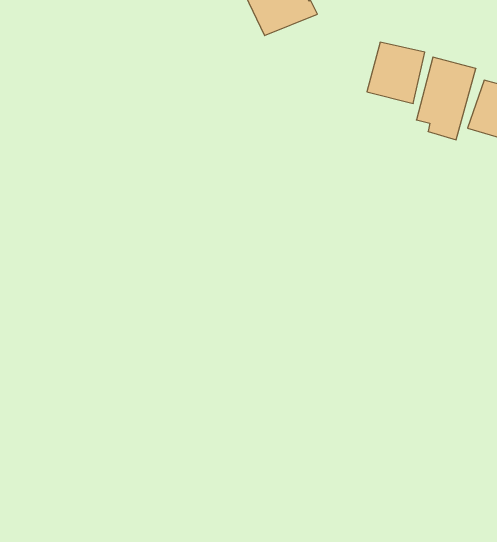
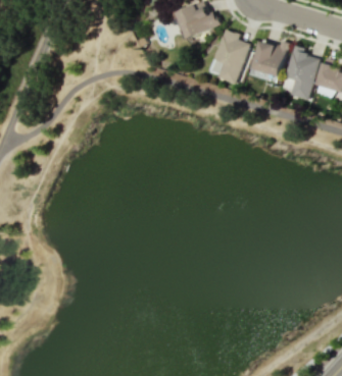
building: none -> [209,30,249,85]

